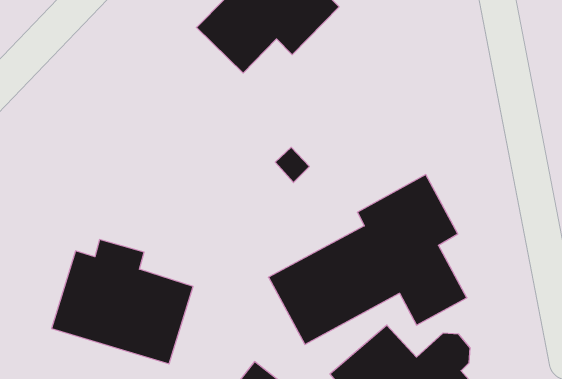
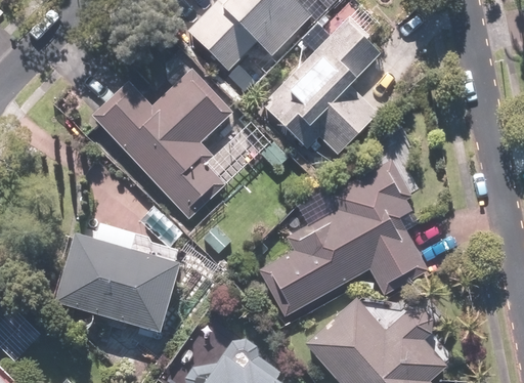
building: none -> [259,20,381,159]
building: none -> [91,72,231,217]

